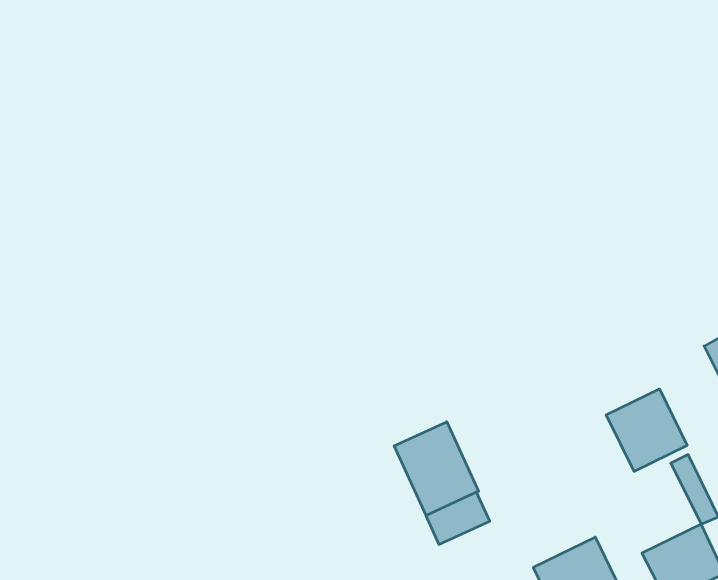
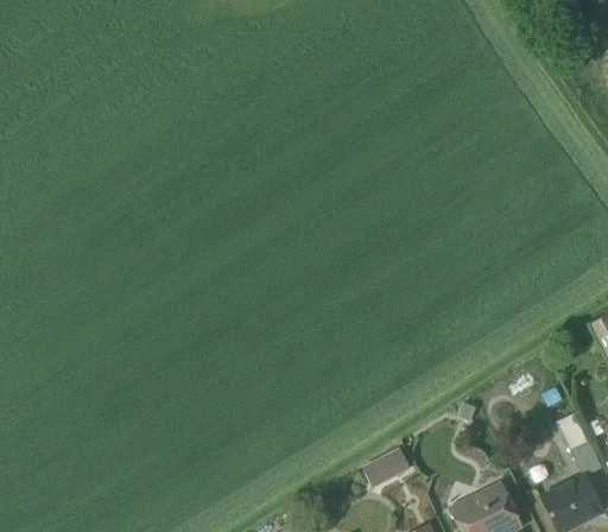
building: [606,389,687,471] -> none
building: [394,422,479,515] -> none

